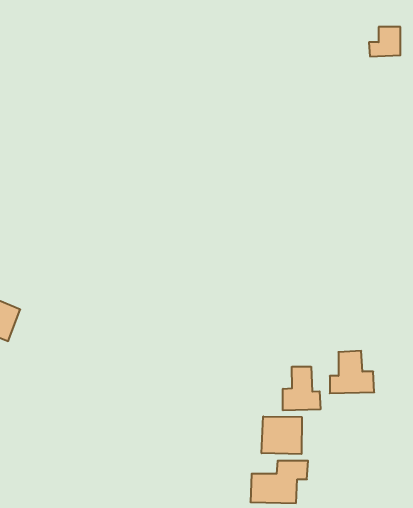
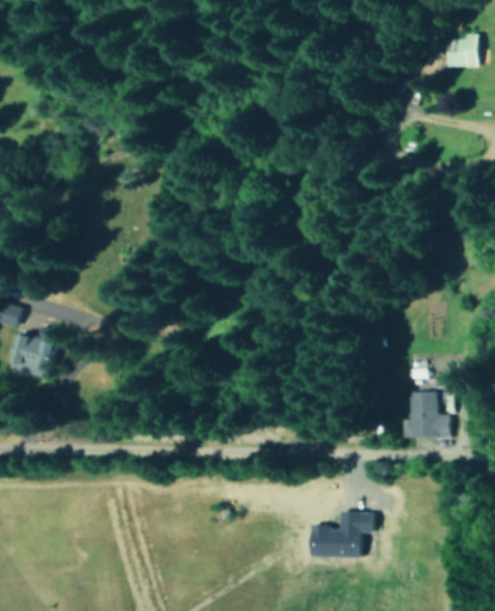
building: [283,367,320,410] -> none
building: [262,416,302,454] -> none

